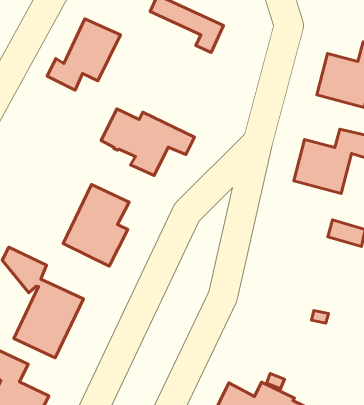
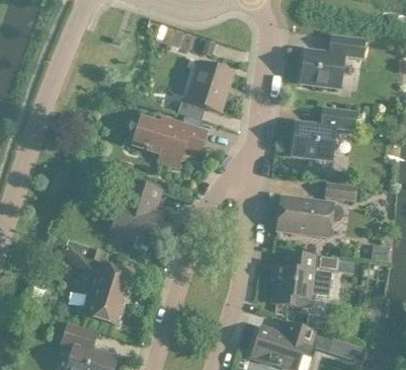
building: [47,19,120,90] -> [176,62,231,121]
building: none -> [276,196,342,237]
building: none -> [270,252,330,307]

